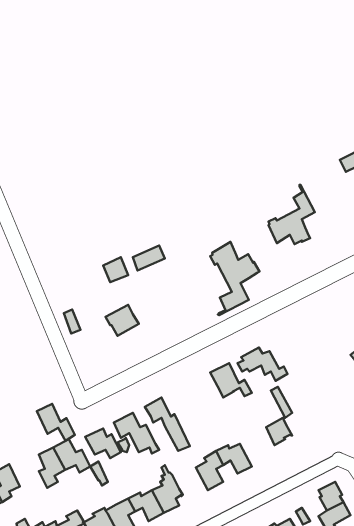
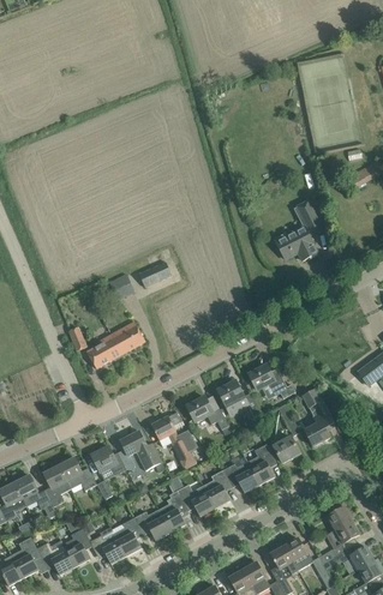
building: [210,242,260,315] -> none
building: none -> [88,333,124,368]
building: none -> [301,387,333,446]
building: none -> [187,396,232,434]
building: [37,404,75,441] -> [14,475,53,512]
building: none -> [247,444,275,485]
building: none -> [176,483,215,516]

